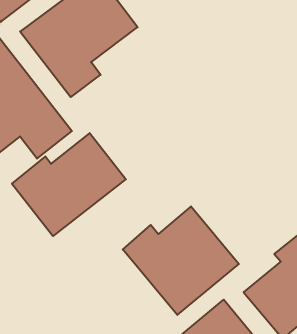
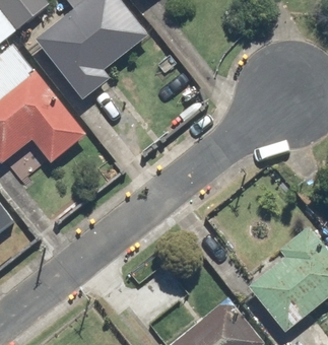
building: [12,133,126,236] -> none
building: [123,206,239,315] -> none

